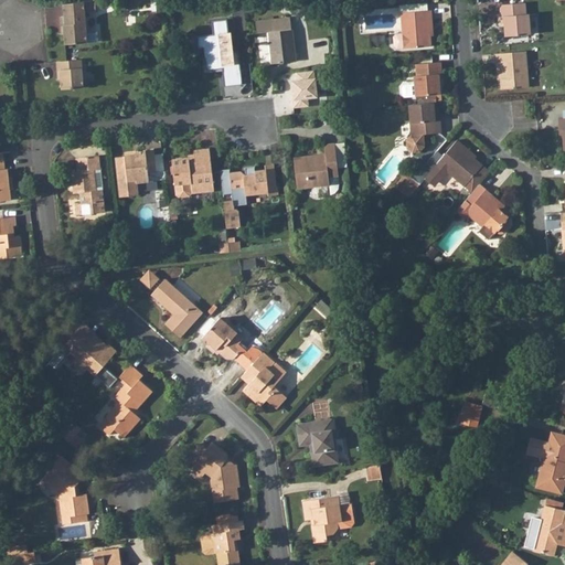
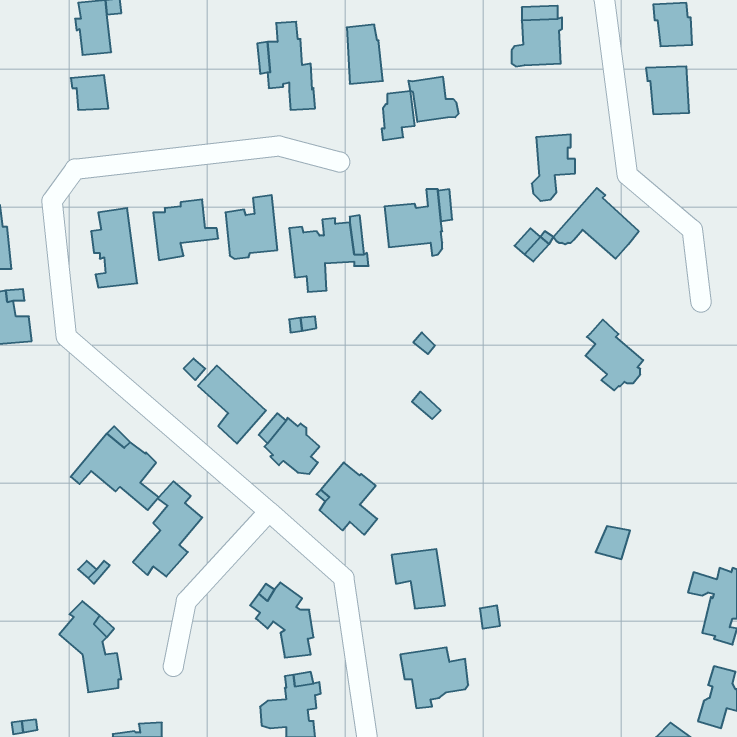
building: none -> [408,77,458,122]
building: [399,64,440,97] -> none
building: [467,186,511,241] -> [585,320,643,390]

